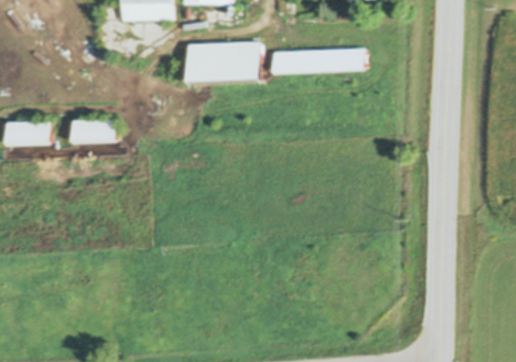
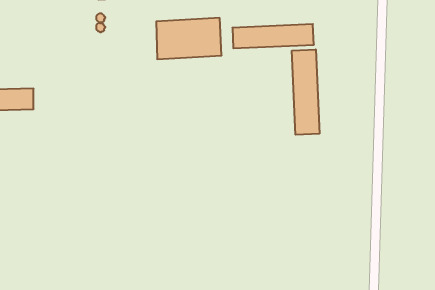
building: none -> [292,49,319,135]
building: [71,118,115,143] -> none

